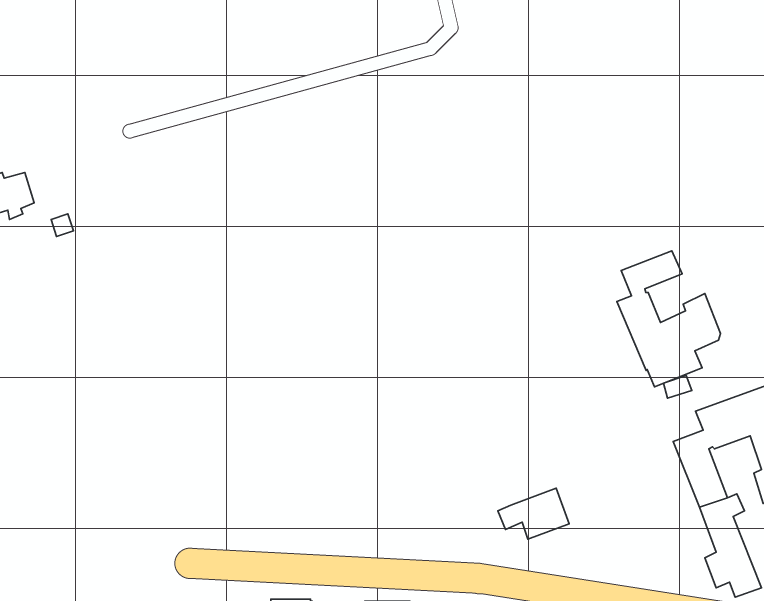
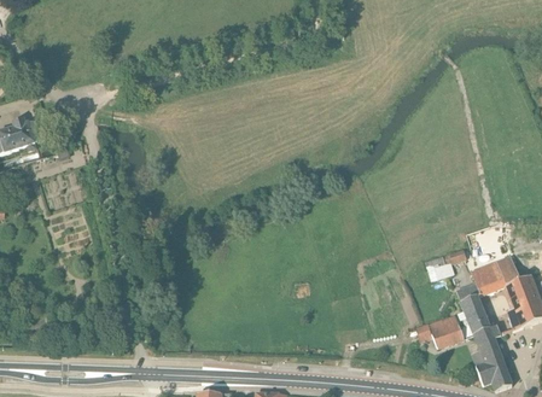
building: [617,251,721,387] -> none
building: [498,488,569,539] -> [414,315,460,348]

